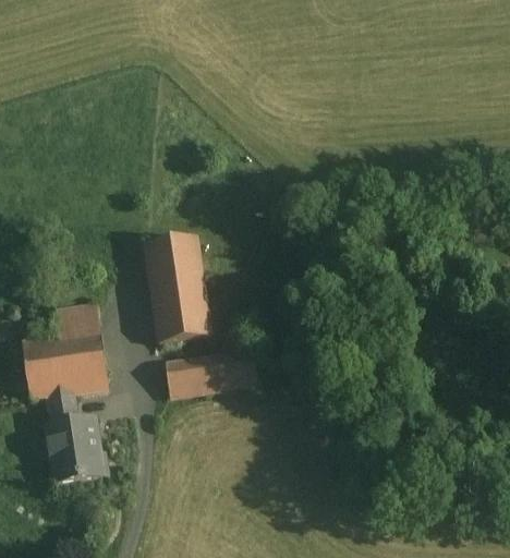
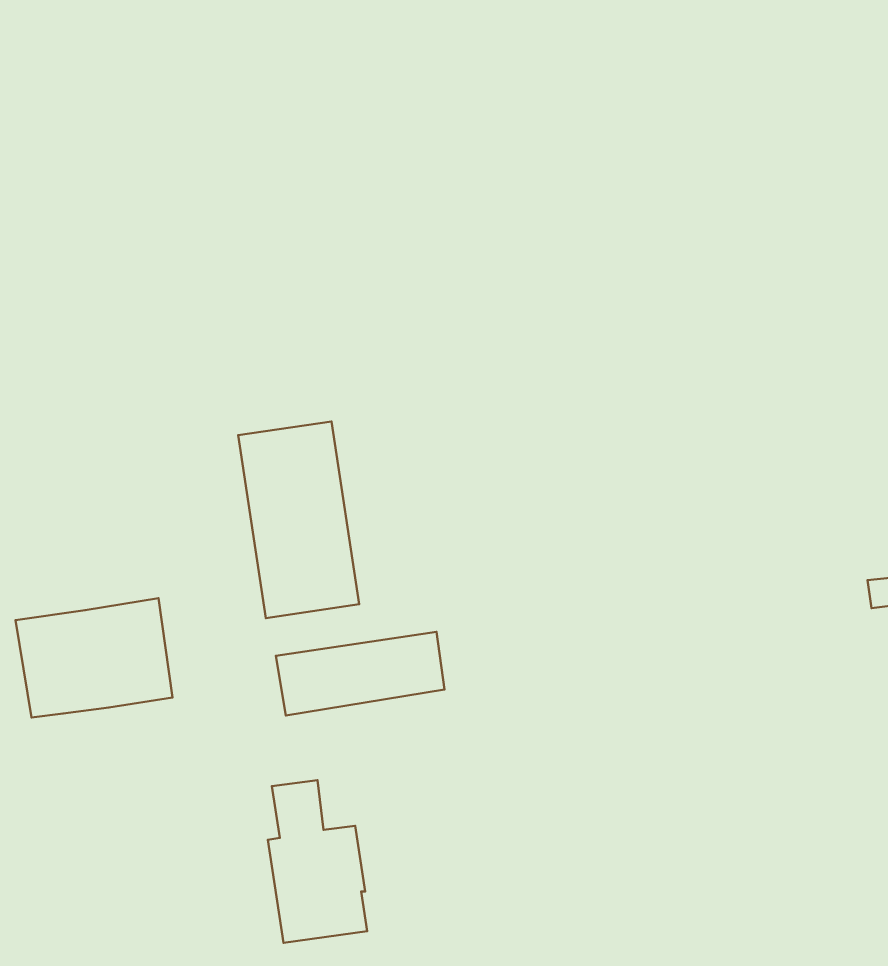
building: [54,303,99,337] -> none
building: [45,390,99,480] -> [268,780,367,943]

